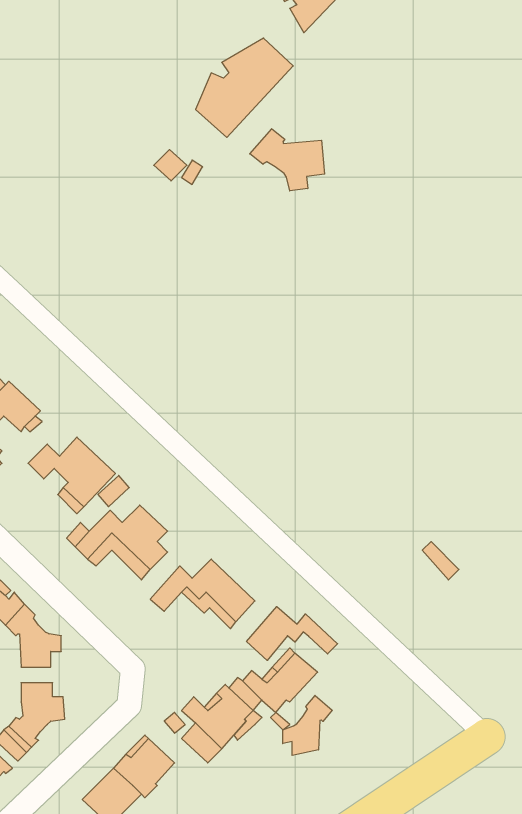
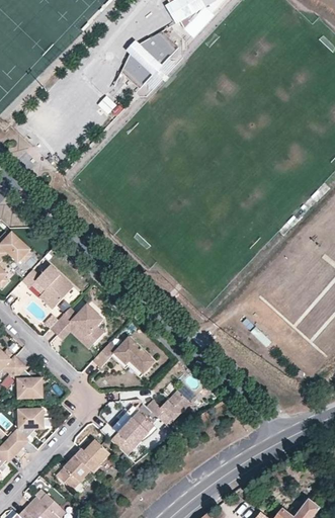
building: [250,129,325,191] -> none
building: [247,607,338,660] -> none
building: [283,695,332,755] -> none

